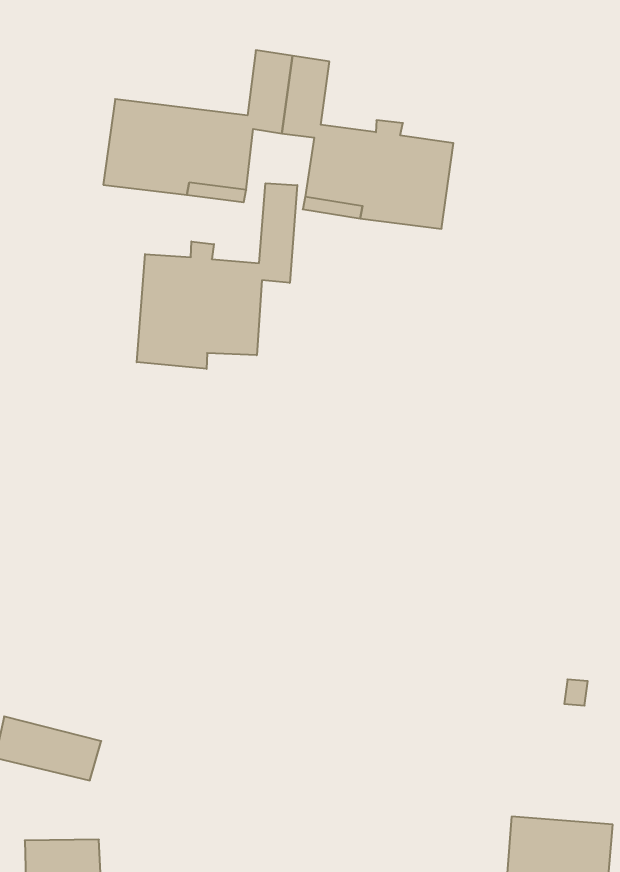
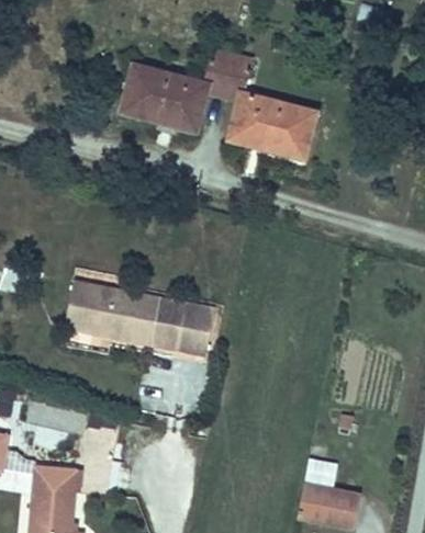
building: [137,183,297,369] -> none
building: none -> [65,282,214,355]

